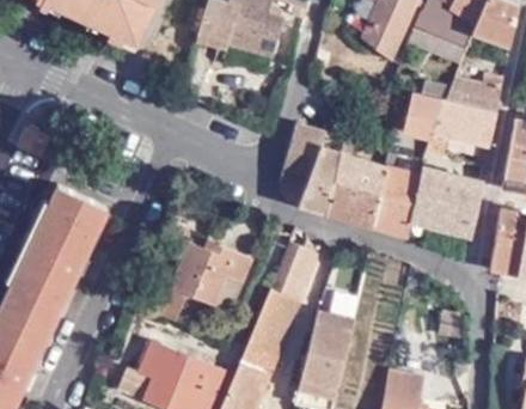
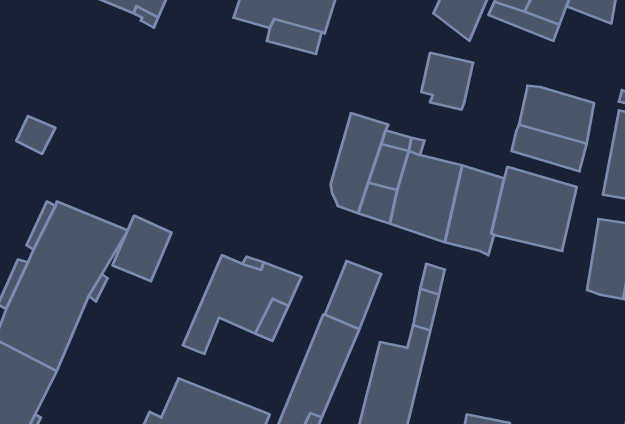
building: [452,77,502,112] -> none
building: [398,90,441,136] -> [421,53,473,109]
building: none -> [113,216,171,281]

